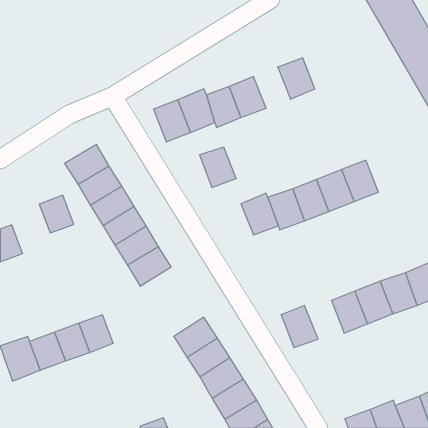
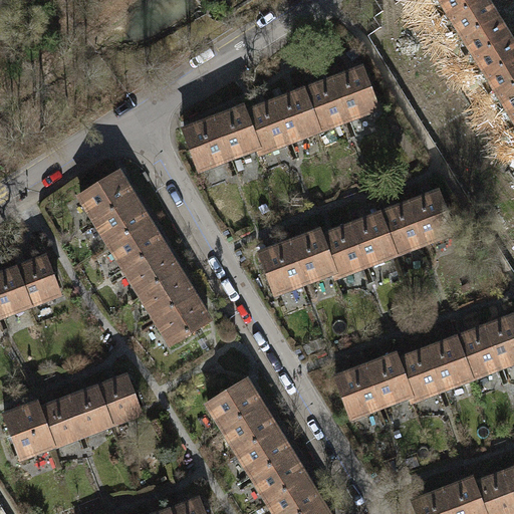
building: none -> [304,80,348,130]
building: [199,147,236,188] -> [260,244,304,292]
building: [39,195,74,233] -> [15,258,56,303]
building: none -> [365,354,411,406]

